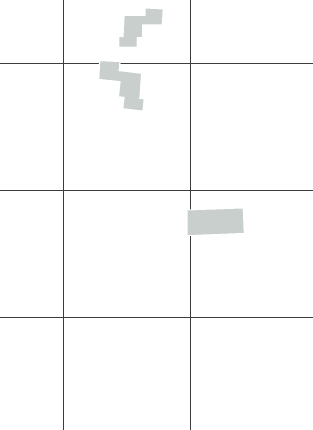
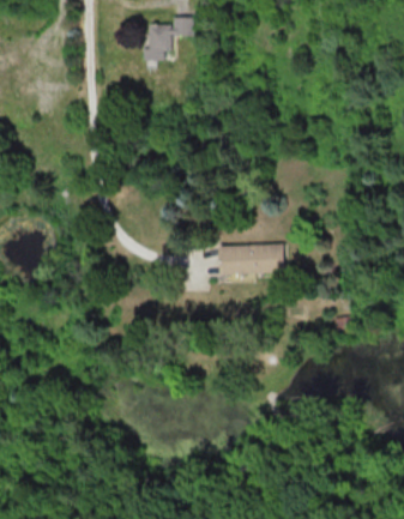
building: [99,61,144,111] -> none

